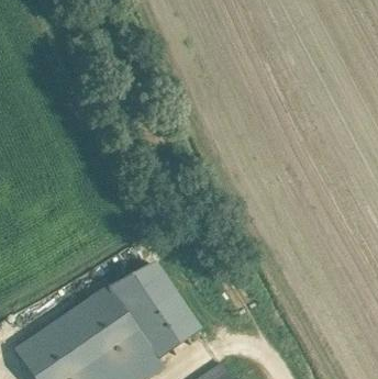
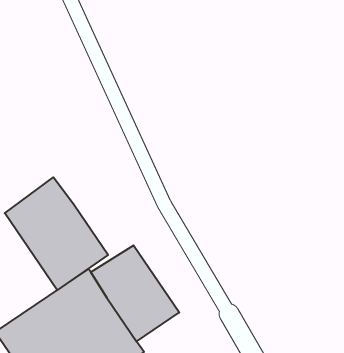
building: none -> [5,177,108,290]

